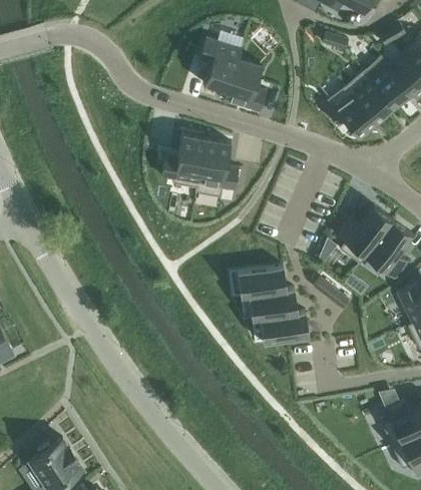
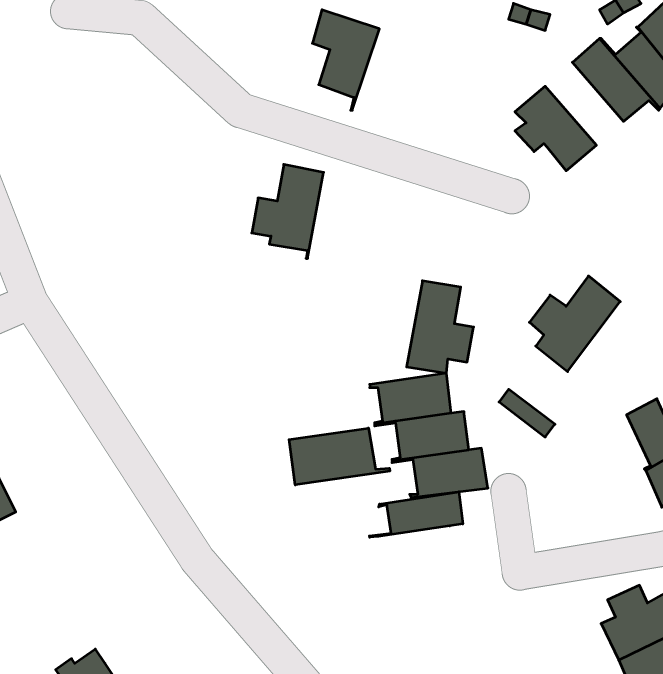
building: [224,49,266,112] -> none
building: [345,70,394,122] -> none
building: [195,139,238,197] -> [407,281,474,373]
building: [365,220,412,279] -> none
building: none -> [289,428,390,485]
building: none -> [369,492,463,537]

